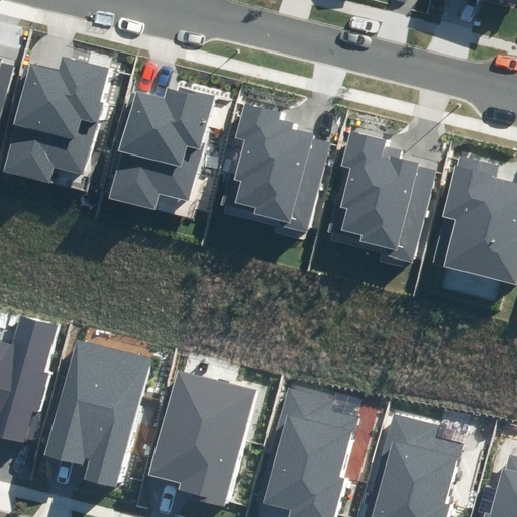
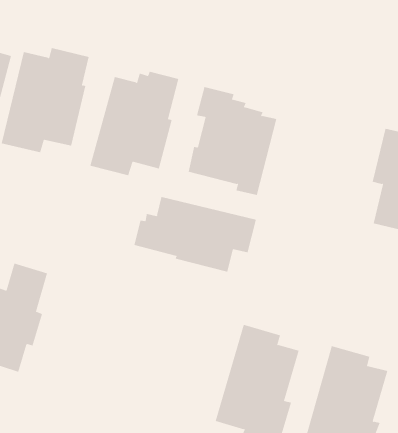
building: [328,130,438,263] -> none
building: none -> [134,196,257,273]
building: [44,340,149,489] -> none
building: [149,369,256,507] -> none

